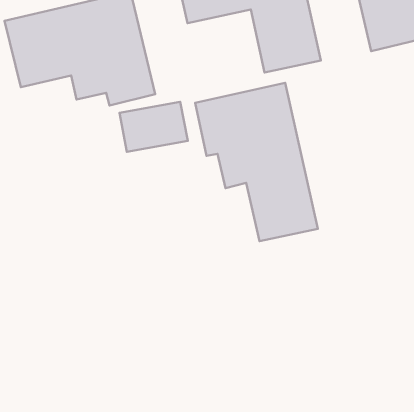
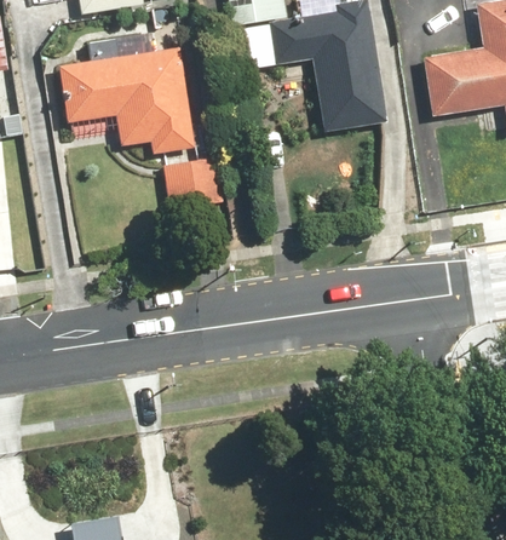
building: [195,83,318,241] -> none

